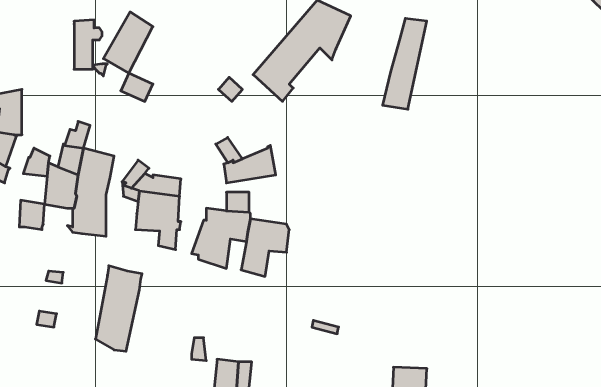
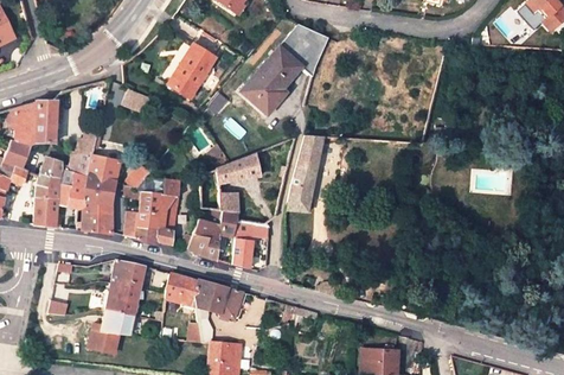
building: [103,12,153,73] -> [171,44,214,98]
building: [383,18,427,109] -> [286,134,325,215]
building: [74,20,102,69] -> [37,98,62,142]
building: none -> [36,177,59,204]
building: none -> [124,211,159,243]
building: none -> [166,275,242,318]
building: none -> [88,322,118,354]

